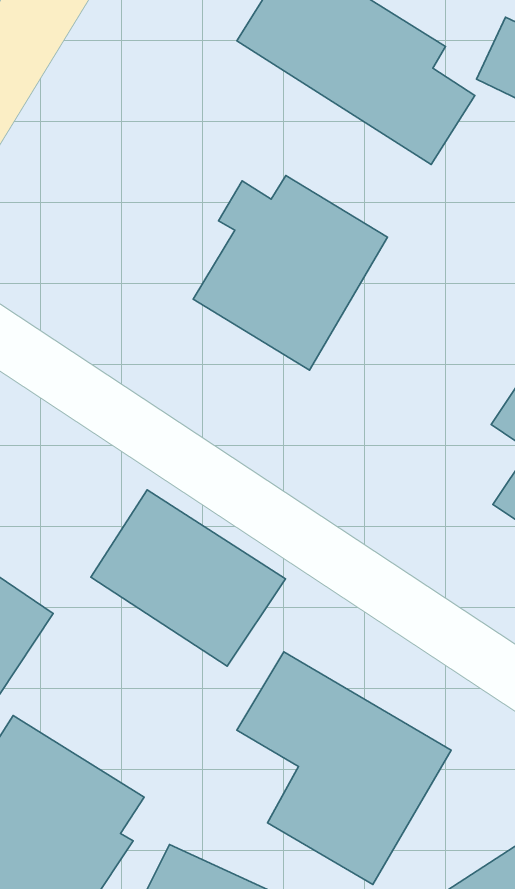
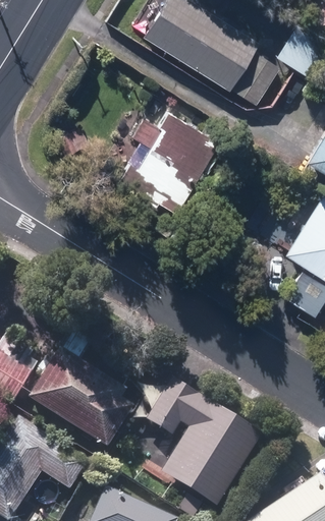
building: [91,490,285,666] -> [30,349,139,448]

